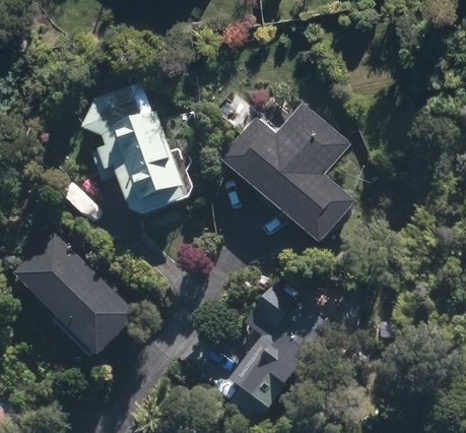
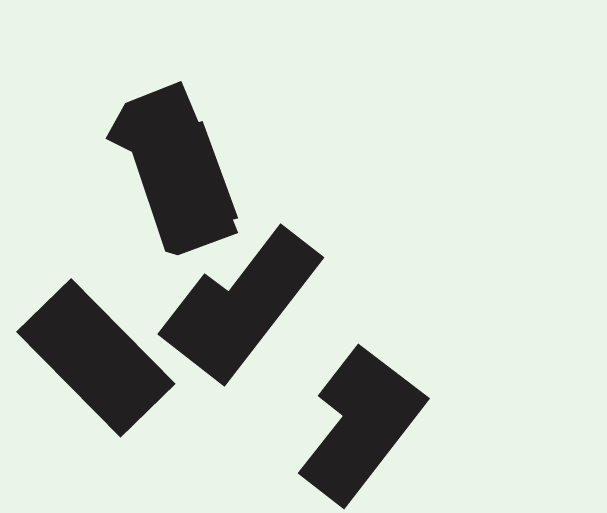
building: [218,102,357,244] -> none
building: none -> [156,222,326,388]

